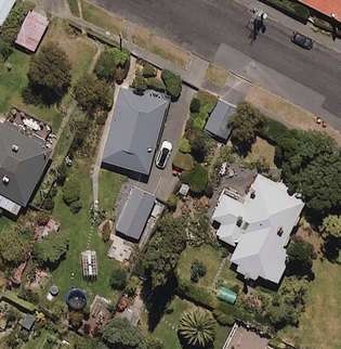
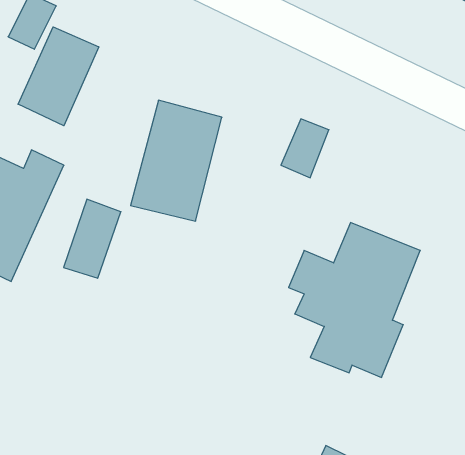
building: none -> [18,27,99,126]
building: [117,185,157,241] -> [64,199,121,278]

